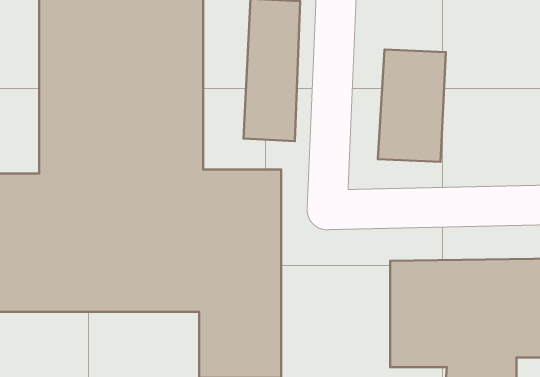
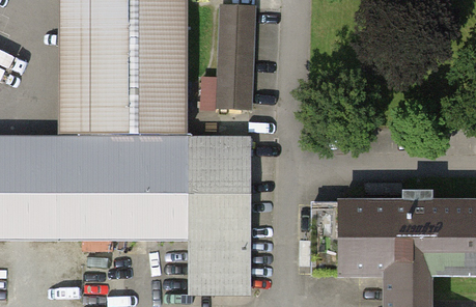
building: [378,50,446,162] -> none

